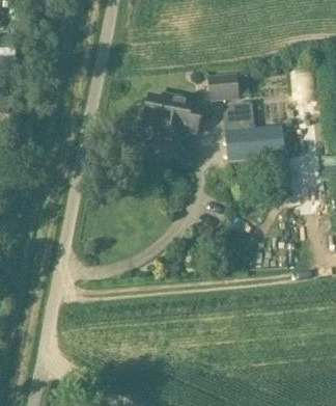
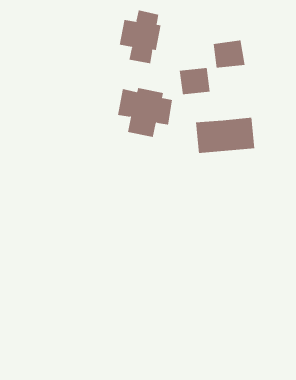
building: none -> [119,9,161,64]
building: [222,100,255,129] -> [213,40,245,68]

